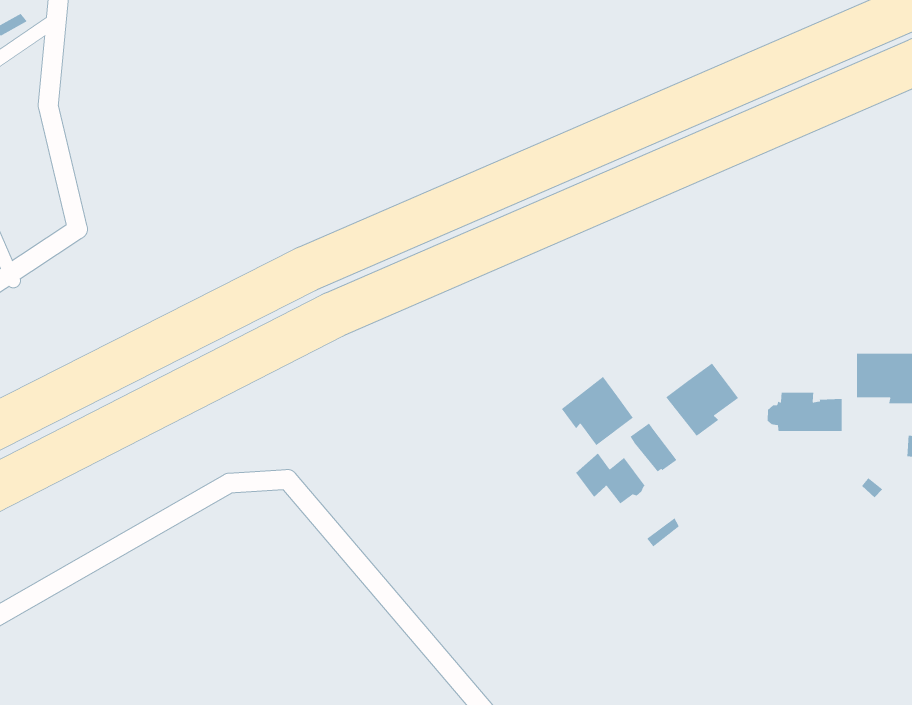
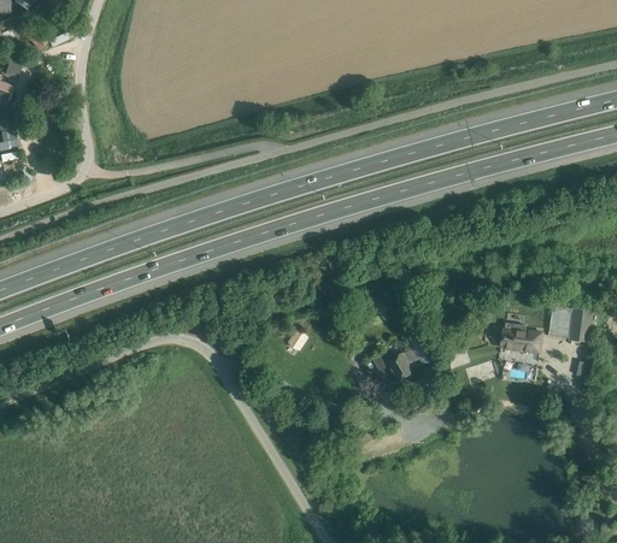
building: [665,362,739,437] -> none
building: [561,376,634,446] -> none

